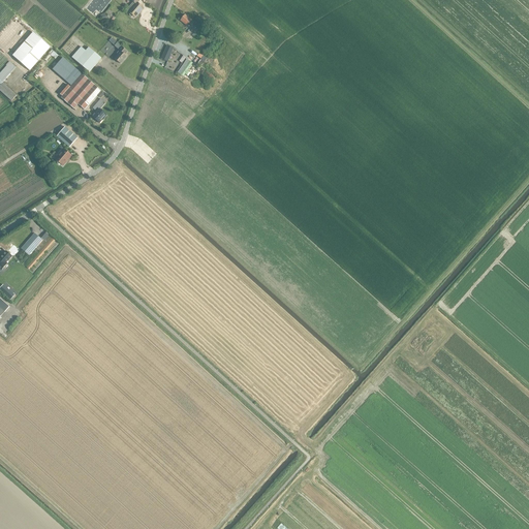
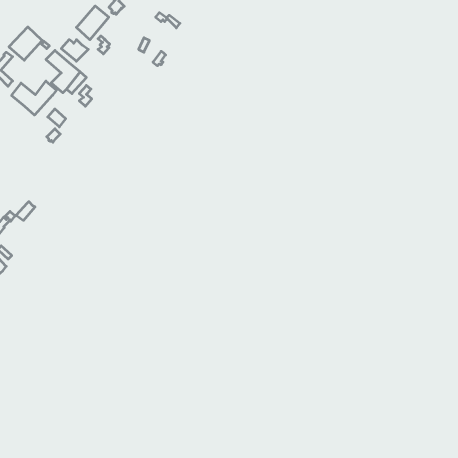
building: none -> [76,6,109,40]
building: none -> [12,81,56,115]

